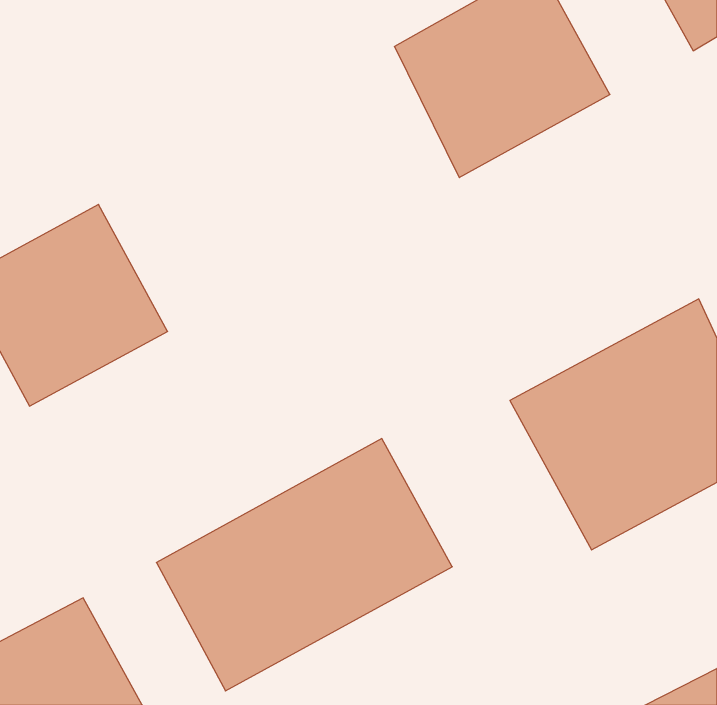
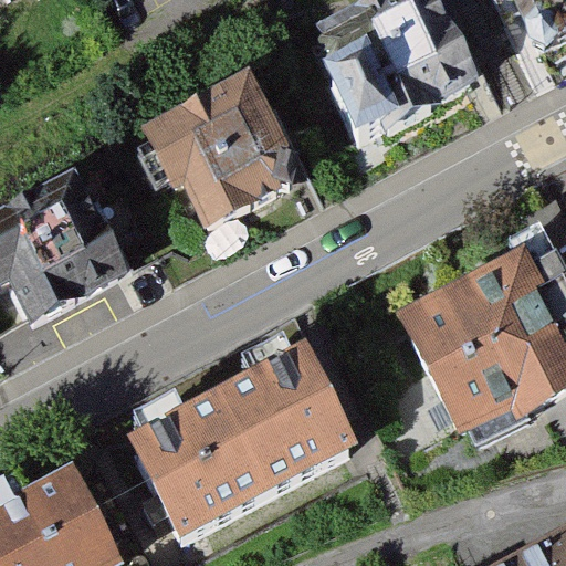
building: none -> [149,66,301,227]

